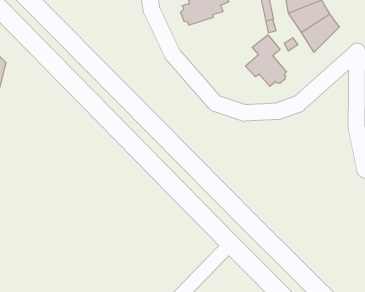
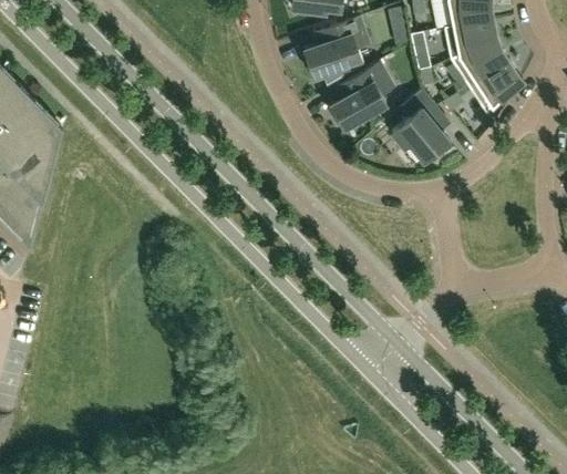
building: none -> [329,62,394,128]

